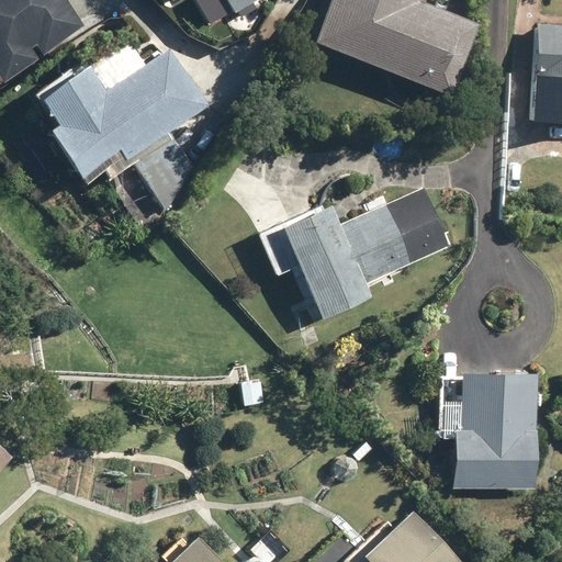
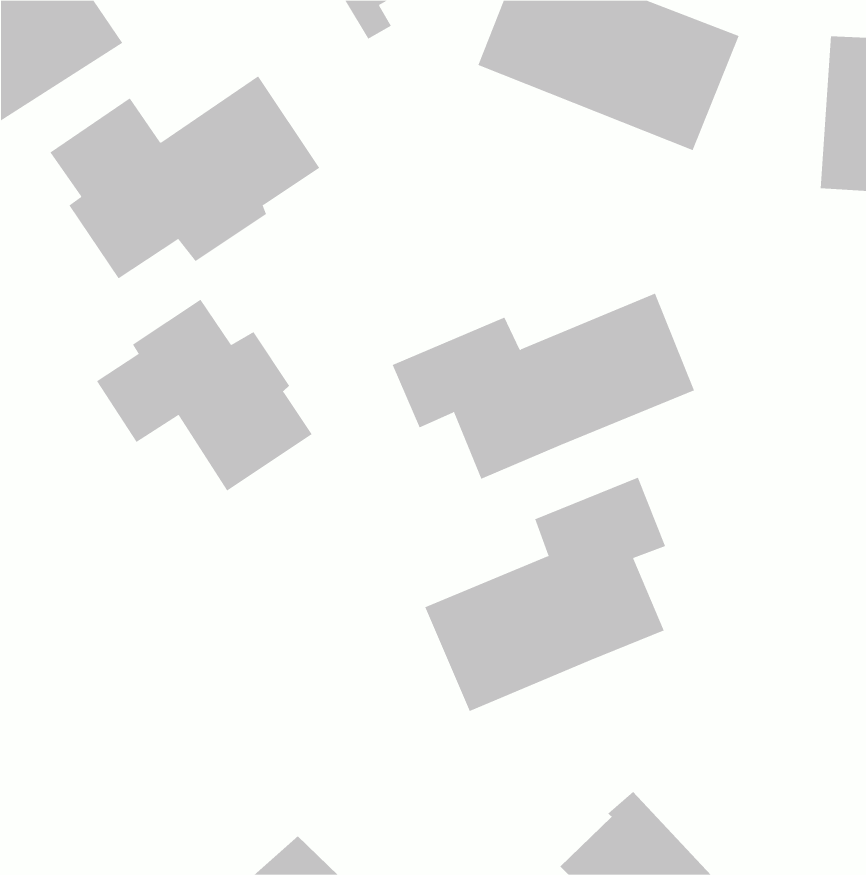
building: none -> [96,299,312,491]
building: none -> [424,477,666,712]
building: [451,372,536,488] -> none

